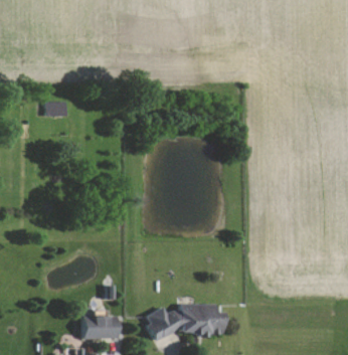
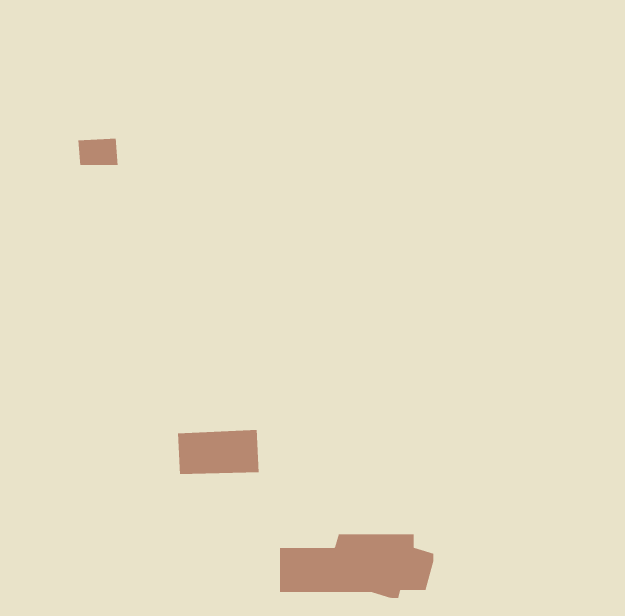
building: [79,315,122,338] -> [177,429,259,474]

